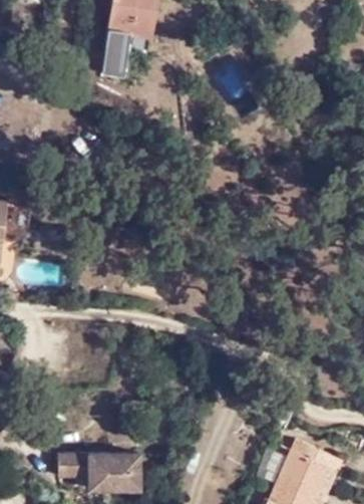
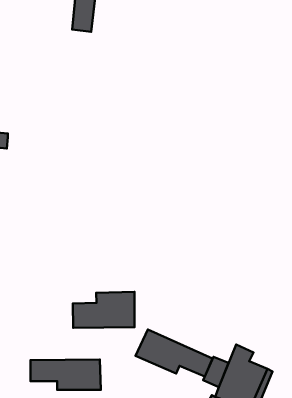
building: none -> [73,292,135,328]
building: none -> [135,330,213,377]

